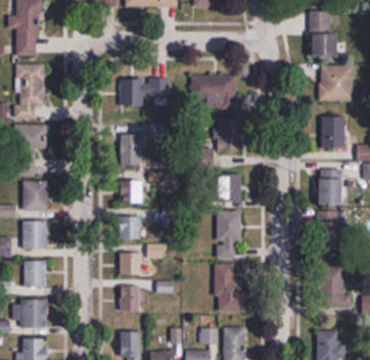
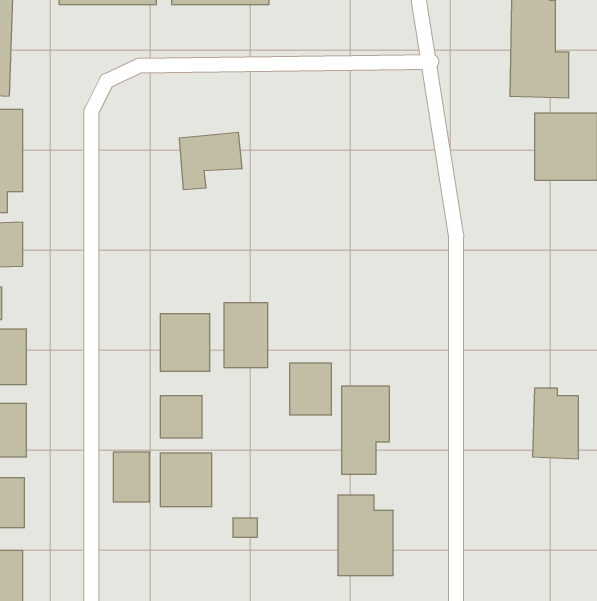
building: [190,76,240,107] -> none
building: [320,116,344,148] -> none
building: [216,119,239,151] -> none
building: [119,133,142,168] -> [224,303,268,368]
building: [319,169,342,205] -> none
building: [219,174,241,201] -> [290,363,332,415]
building: [319,265,343,306] -> none
building: [120,286,139,313] -> [113,452,150,502]

